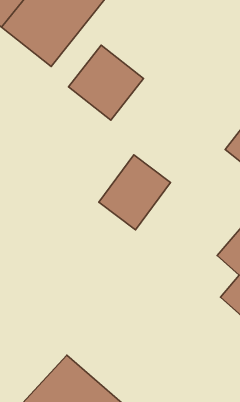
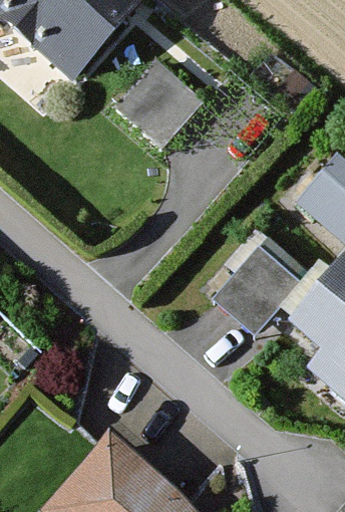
building: [99,155,171,230] -> [213,242,301,334]

